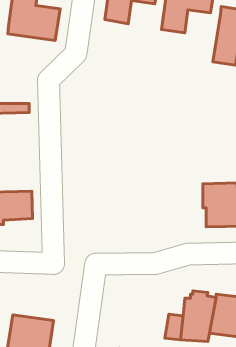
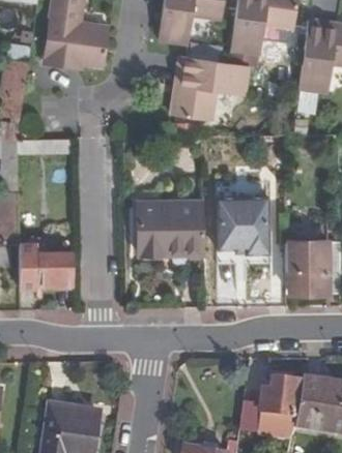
building: none -> [175,54,251,119]
building: none -> [216,197,268,253]
building: none -> [138,202,204,254]

